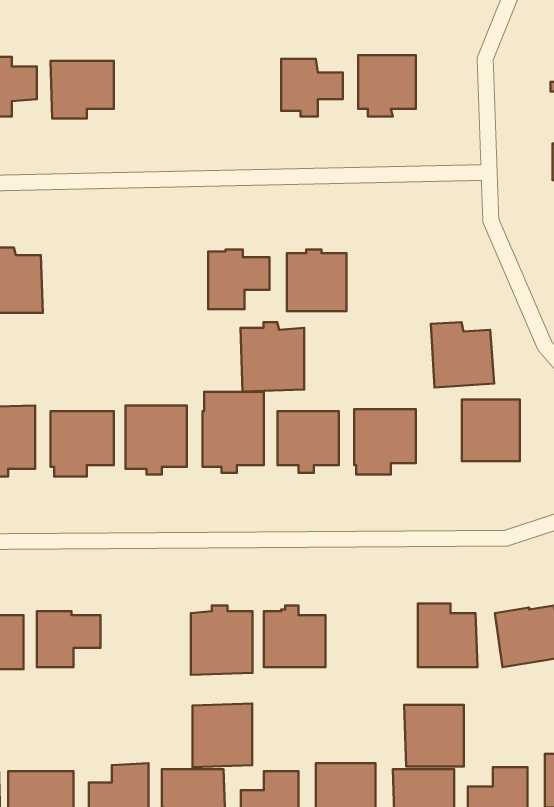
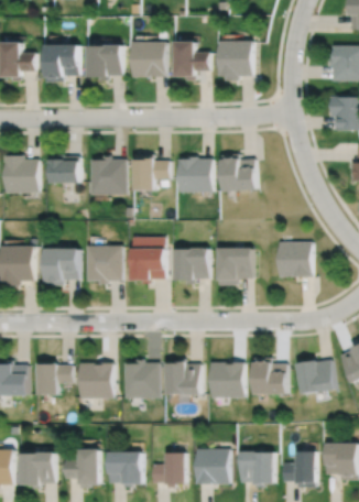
building: none -> [131,44,166,76]
building: none -> [86,47,122,79]
building: none -> [47,154,78,182]
building: [431,322,494,387] -> [220,153,257,190]
building: [241,322,304,391] -> [88,154,124,194]
building: [193,704,252,767] -> [77,362,111,399]
building: [404,705,464,767] -> [208,362,242,397]

